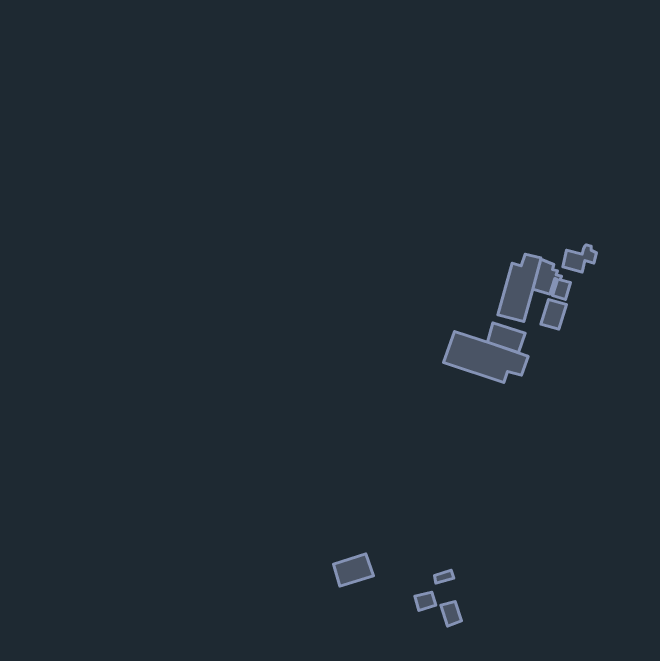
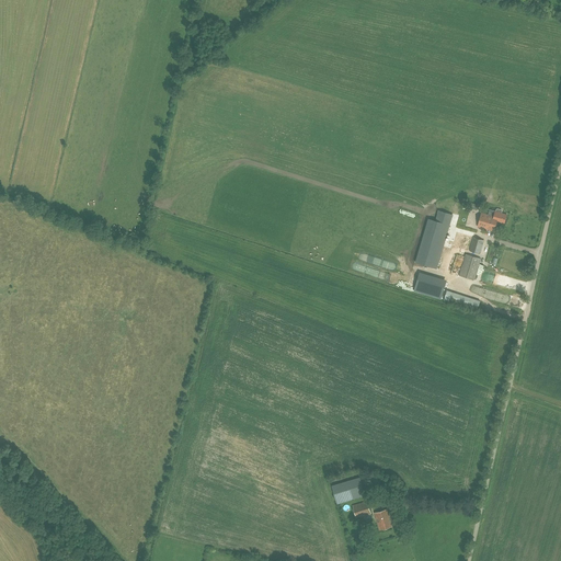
building: [443,331,528,382] -> none
building: [333,554,374,586] -> [330,476,364,503]

